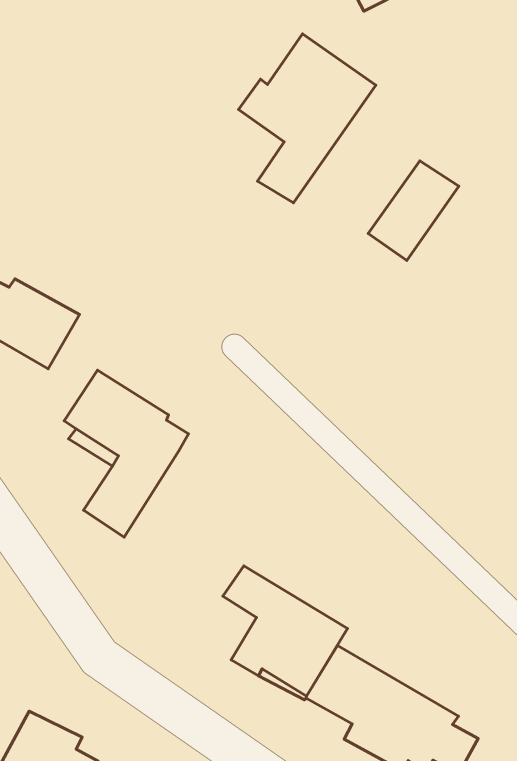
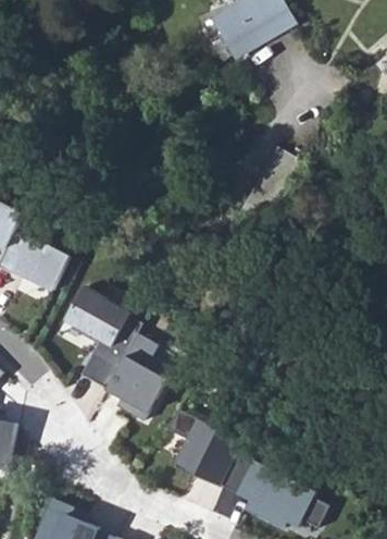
building: [238,34,376,203] -> none
building: none -> [105,336,171,422]

